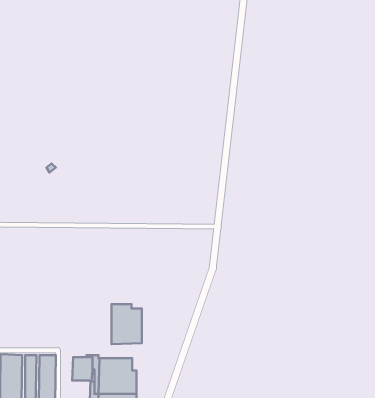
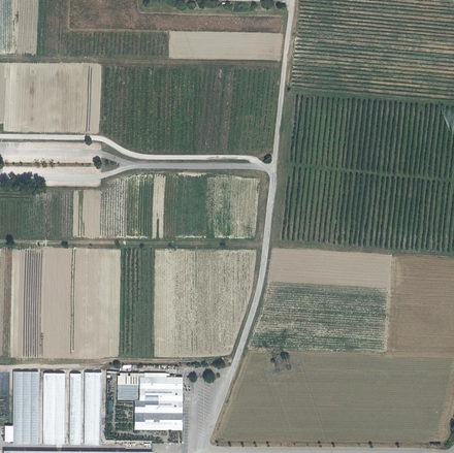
building: [112,304,142,344] -> none

